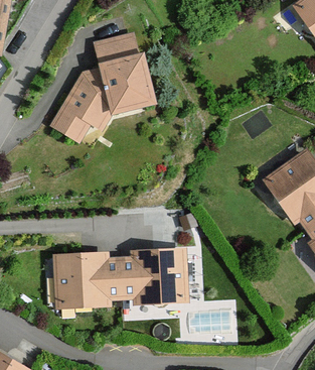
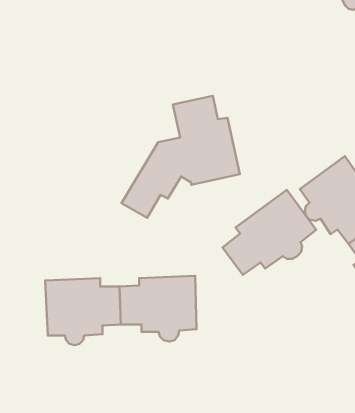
building: [53,36,151,137] -> [122,96,240,218]
building: none -> [222,190,316,275]

